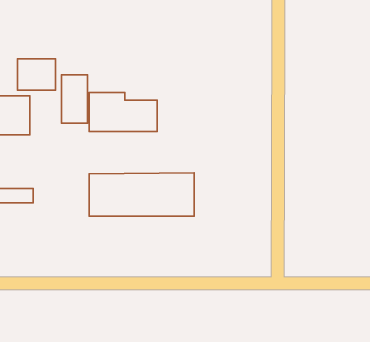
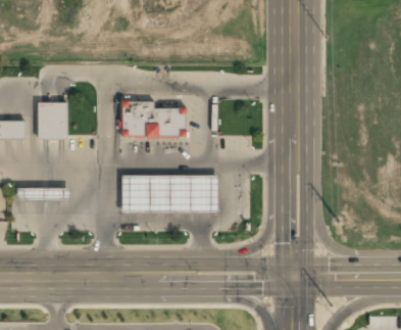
building: [17,59,55,90] -> none
building: [61,75,88,123] -> none

